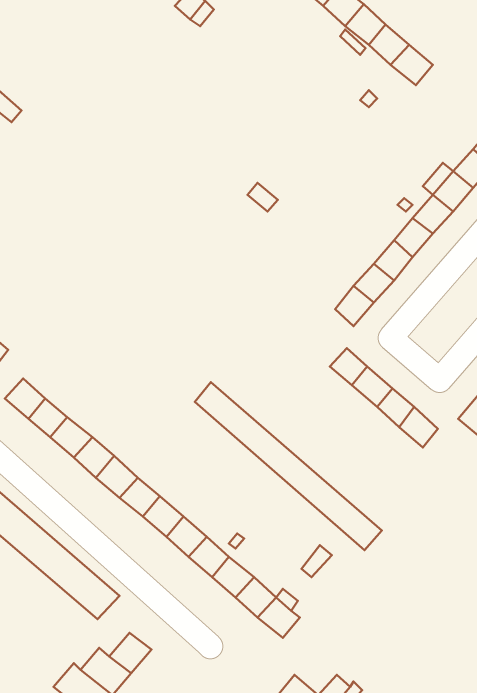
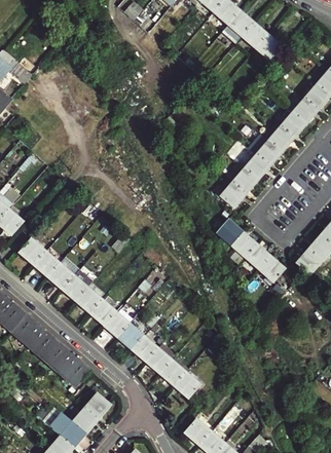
building: [195,382,382,550] -> none

